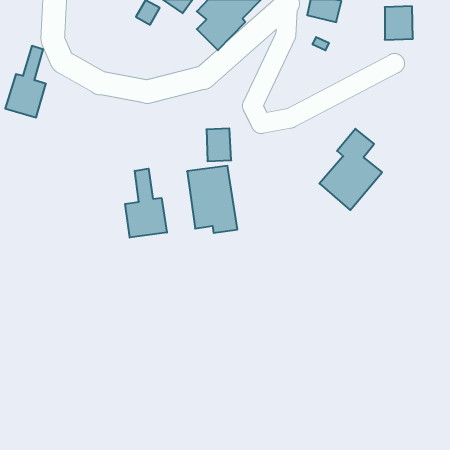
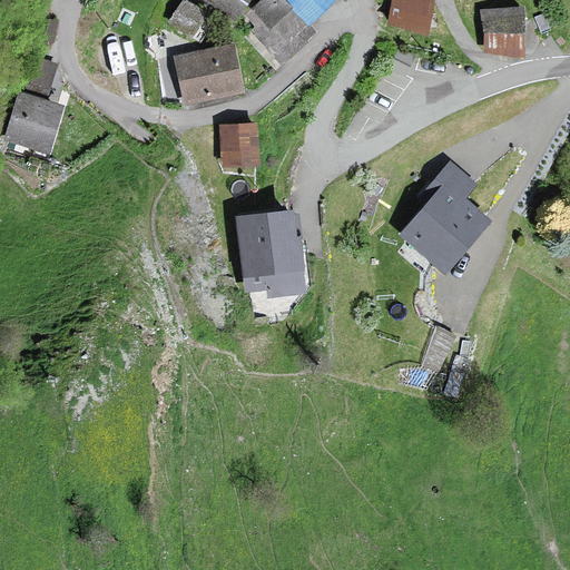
building: none -> [177,47,238,99]
building: [206,128,231,161] -> [224,124,255,165]
building: [125,169,167,238] -> none

